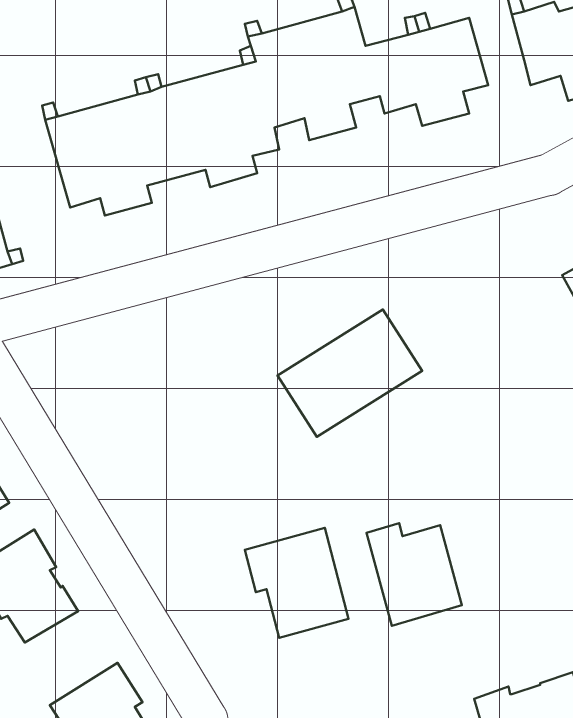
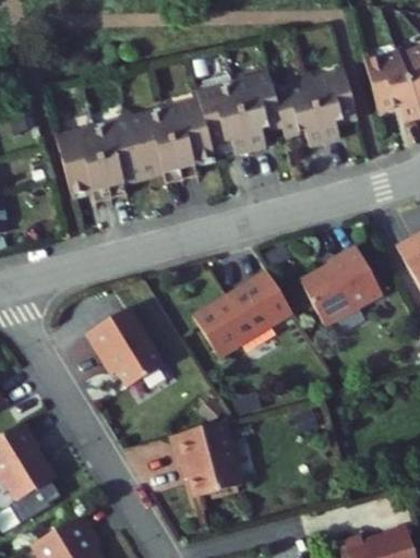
building: none -> [307,245,389,326]
building: none -> [91,312,168,391]
building: [367,523,462,626] -> none

